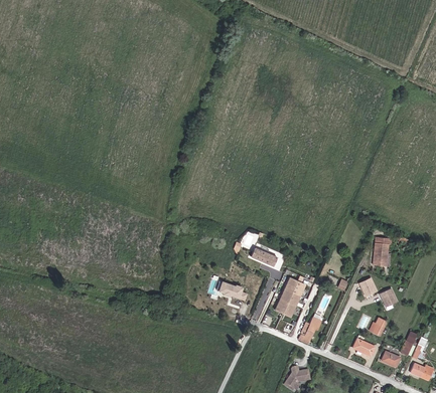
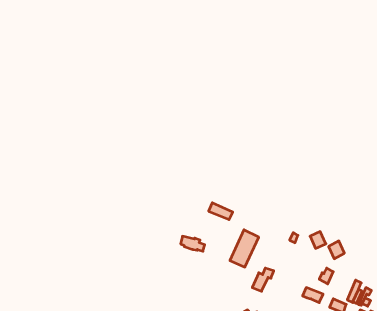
building: [372,237,392,266] -> none

